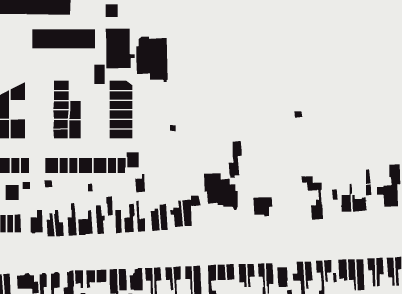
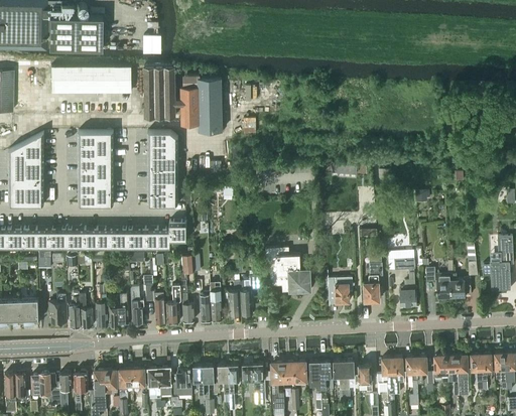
building: [94,64,106,84] -> [98,132,113,157]
building: none -> [23,157,43,181]
building: [228,141,242,178] -> [364,257,382,304]
building: [5,184,19,201] -> [48,229,67,249]

